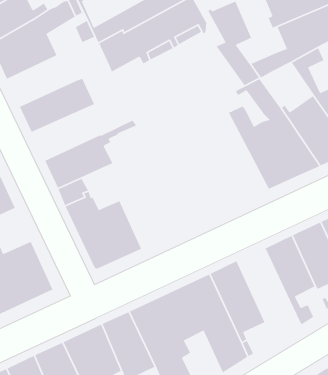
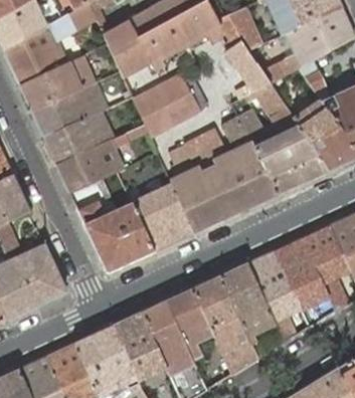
building: none -> [20,57,94,111]
building: none -> [135,74,205,136]
building: none -> [44,112,114,164]
building: none -> [169,117,279,228]
building: none -> [132,180,196,251]
building: none -> [247,250,306,343]

